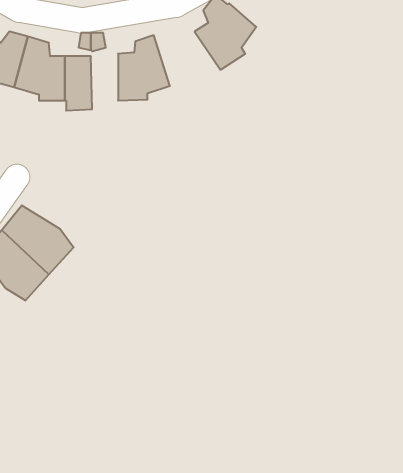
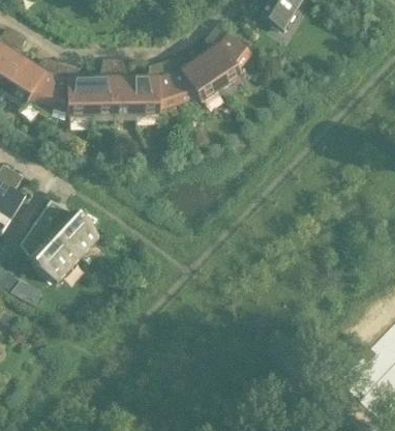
building: none -> [164,54,220,102]
building: none -> [112,75,134,121]

